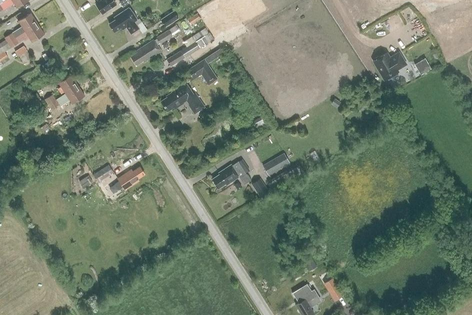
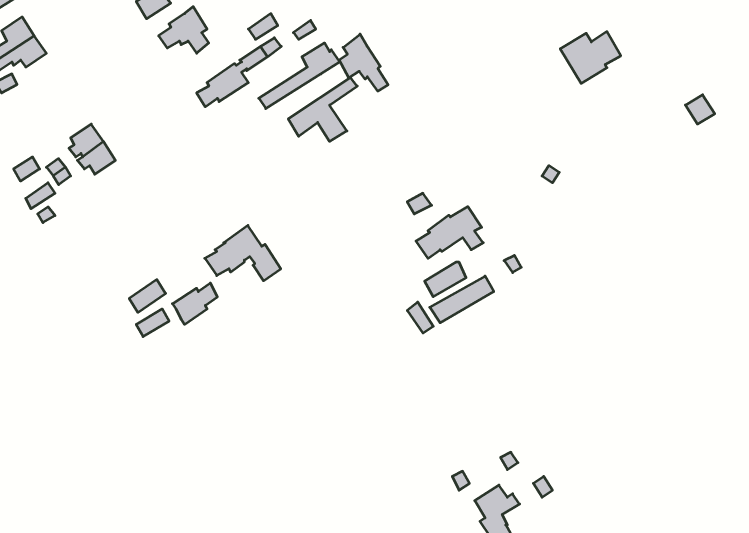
building: none -> [339,34,388,91]
building: [372,51,407,81] -> [560,32,621,83]
building: [160,82,204,114] -> [205,225,281,281]
building: [211,159,250,189] -> [416,207,483,258]

